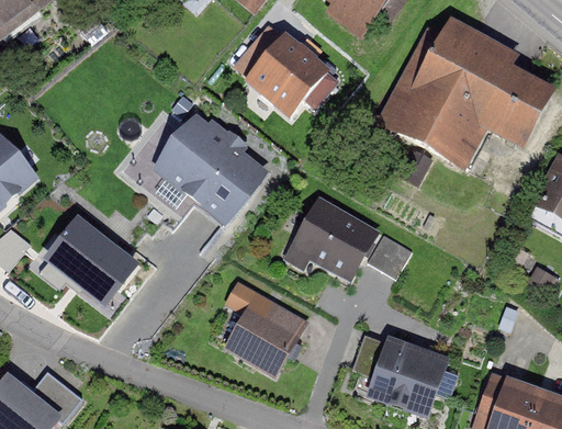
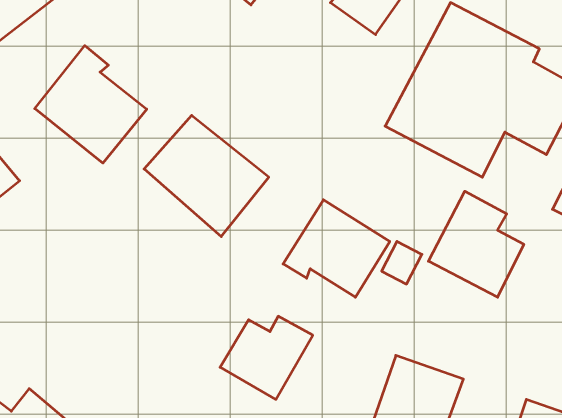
building: [229,12,340,111] -> none
building: none -> [35,46,147,163]
building: none -> [428,191,524,297]
building: [45,212,134,296] -> none

